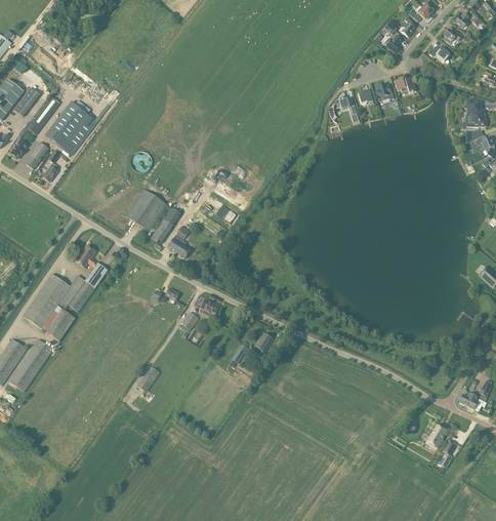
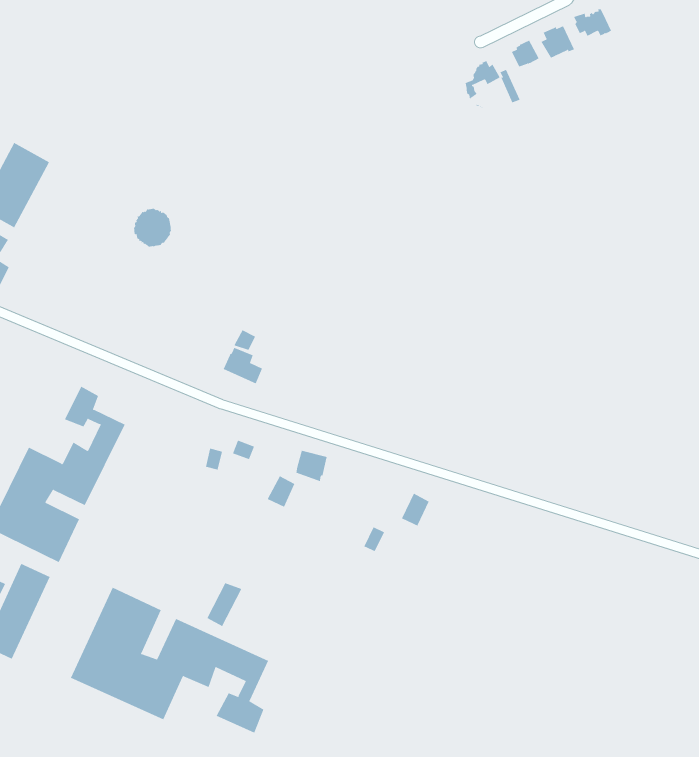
building: [126,188,173,243] -> none
building: none -> [70,587,269,733]

